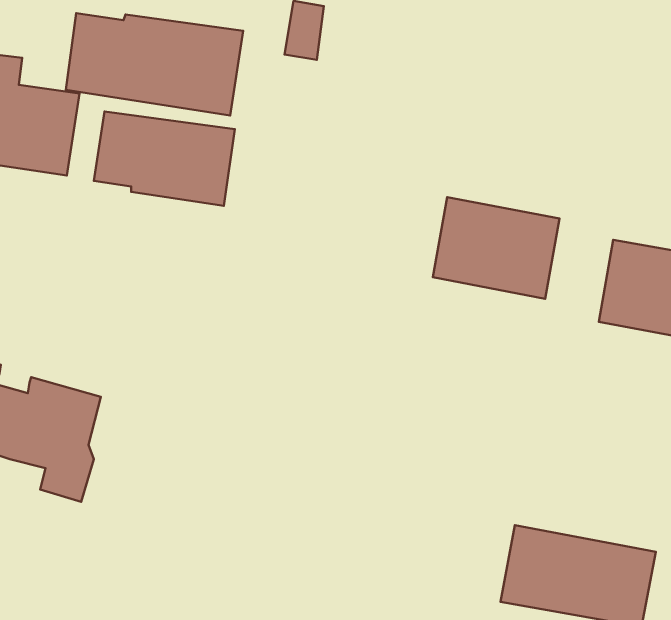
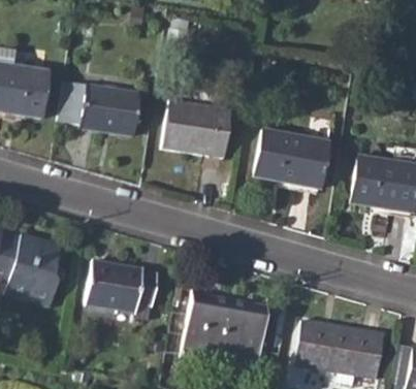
building: [66,13,243,115] -> none
building: none -> [163,100,231,157]
building: none -> [85,260,159,313]
building: none -> [184,293,268,359]

